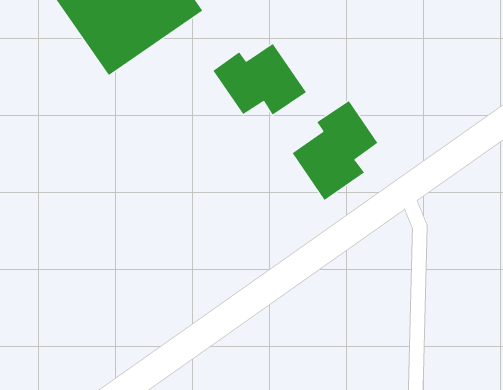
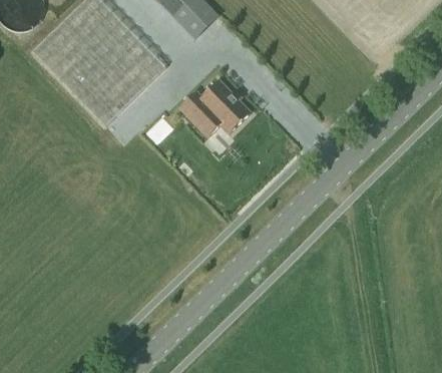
building: [292,100,378,201] -> none

